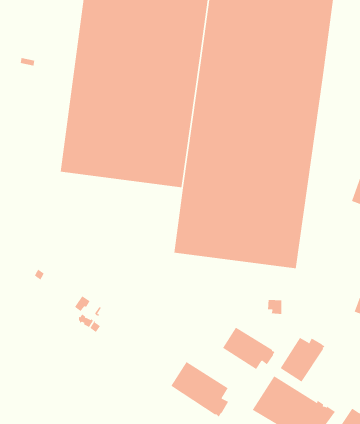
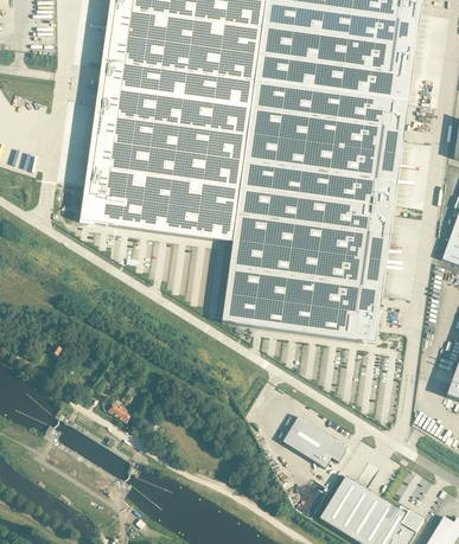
building: [280,337,325,382] -> none
building: [171,361,229,418] -> none

